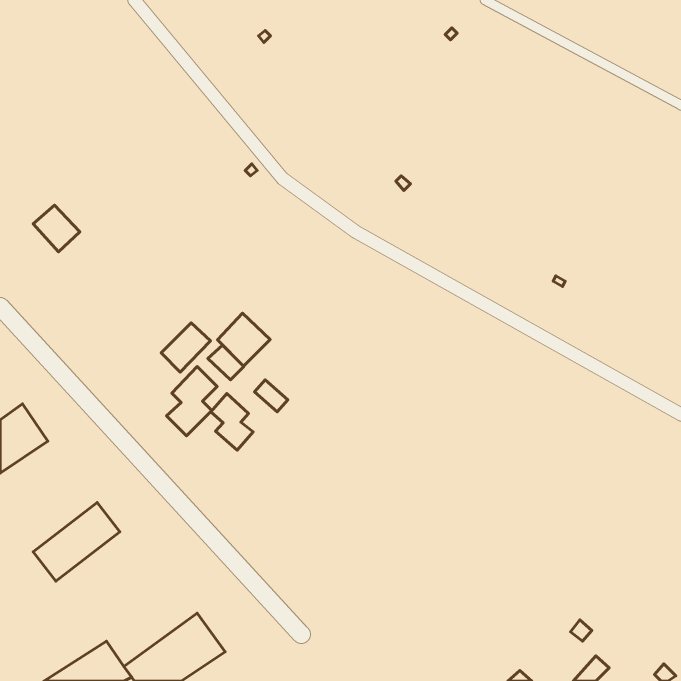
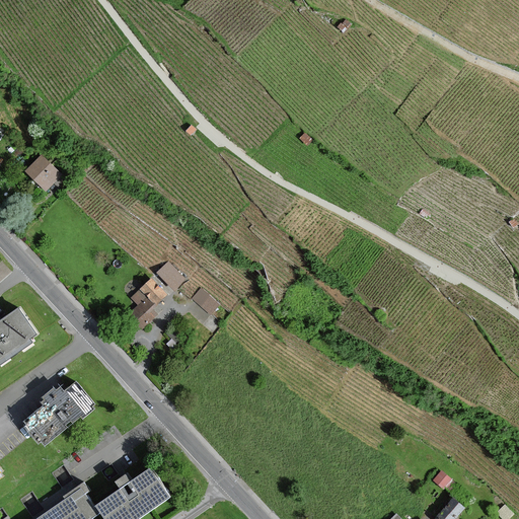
building: [218,313,270,366] -> none
building: [161,323,211,372] -> none
building: [211,393,253,450] -> none

